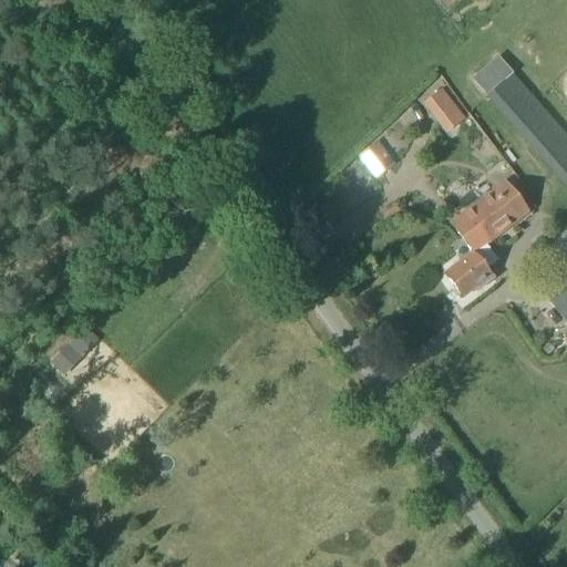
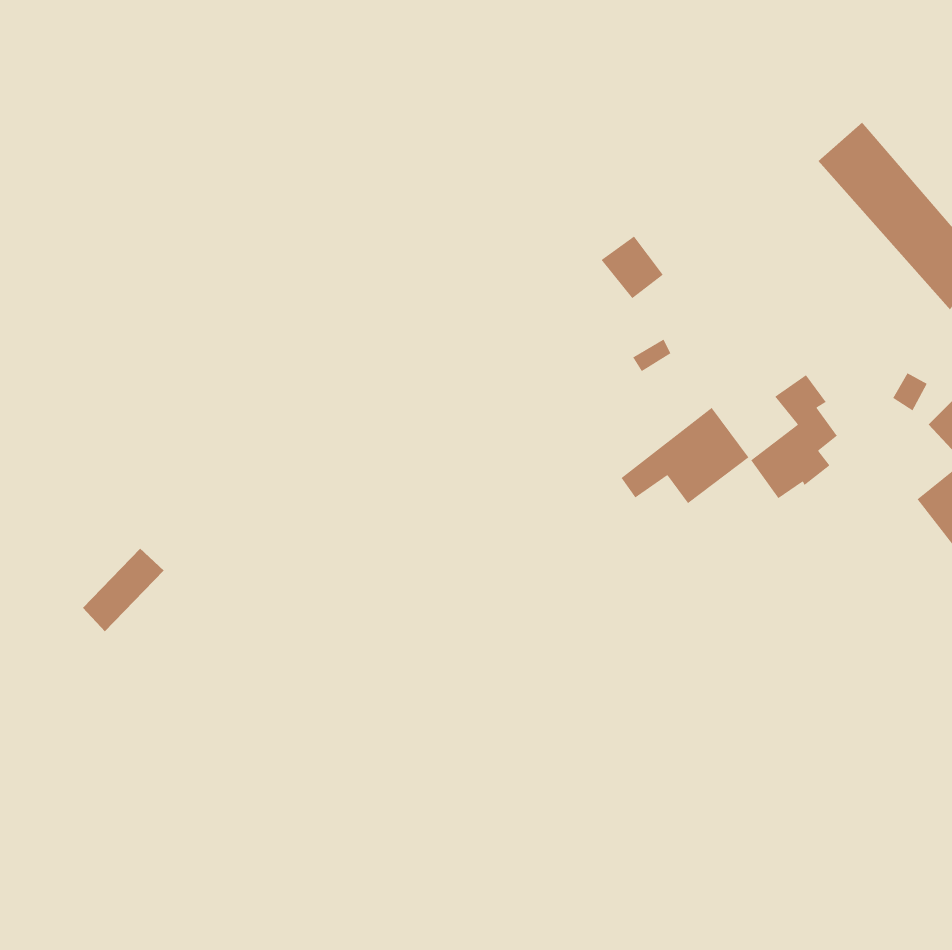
building: [475,48,516,87] -> none
building: [429,82,471,127] -> none
building: [452,181,528,238] -> [620,407,749,504]

